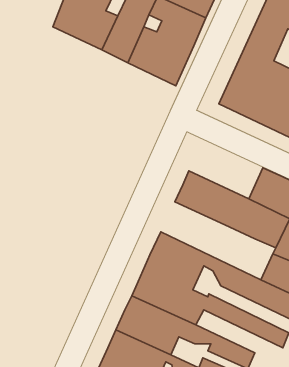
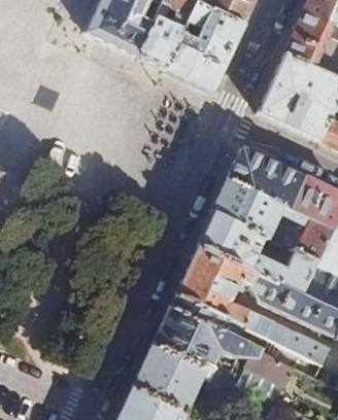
building: none -> [227,148,303,209]
building: none -> [198,212,316,292]

